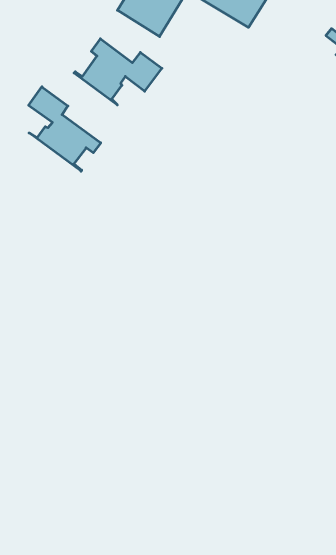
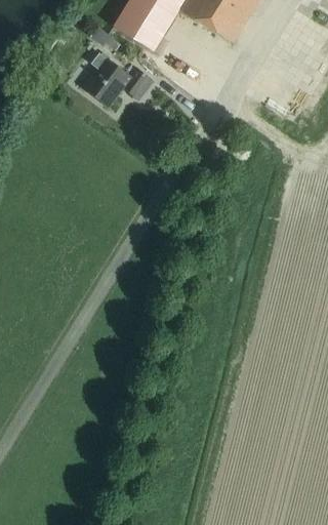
building: [29,87,101,171] -> none

